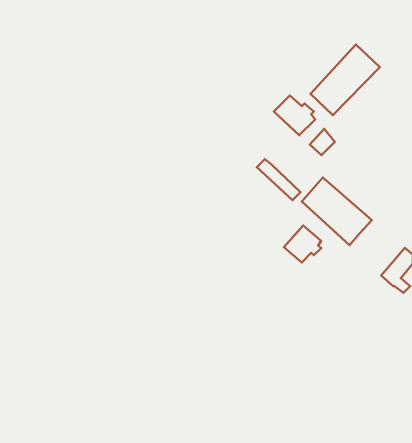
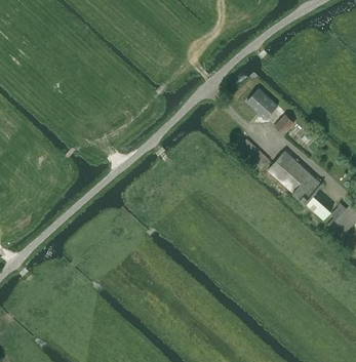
building: [310,45,380,115] -> none
building: [284,226,321,262] -> none

